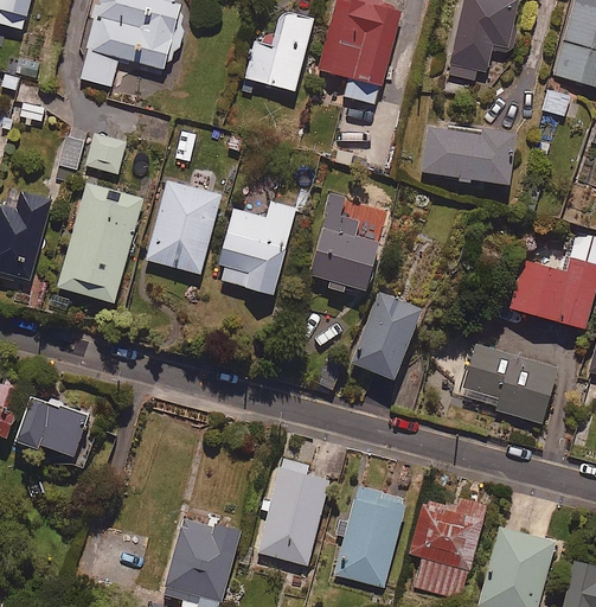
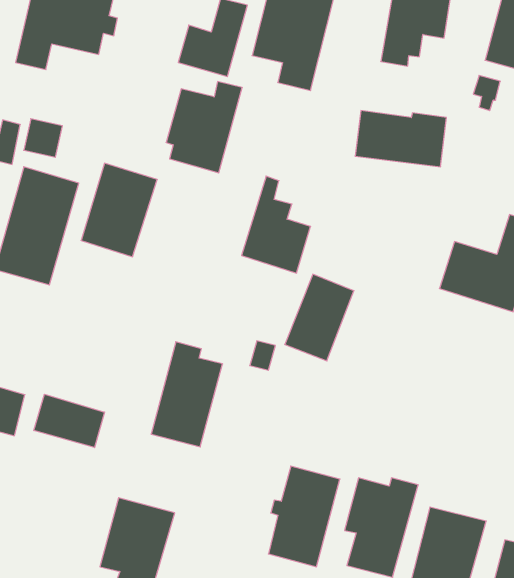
building: [218,202,295,294] -> [166,82,242,173]
building: [457,341,557,422] -> none
building: none -> [34,394,105,448]
building: [257,458,329,564] -> [151,342,223,447]

